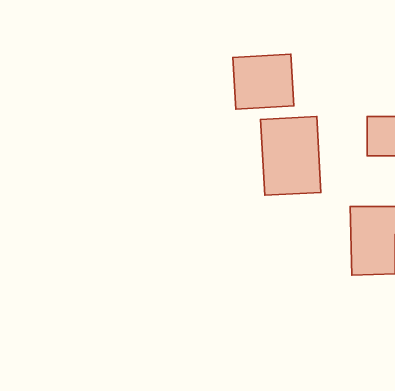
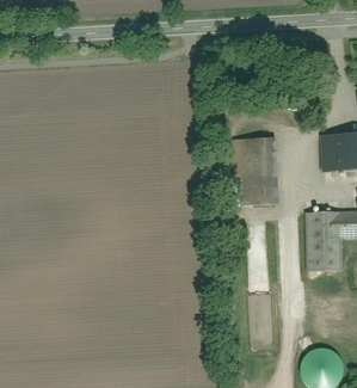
building: [233,54,294,109] -> none

